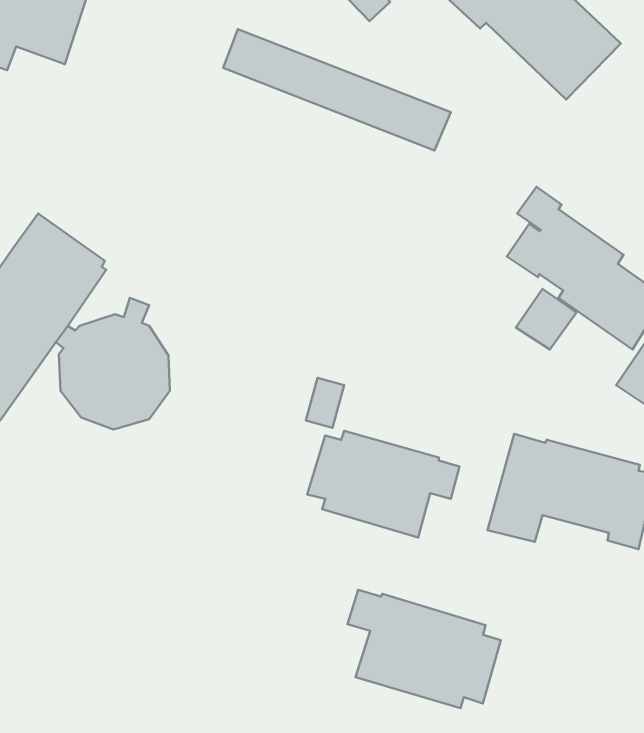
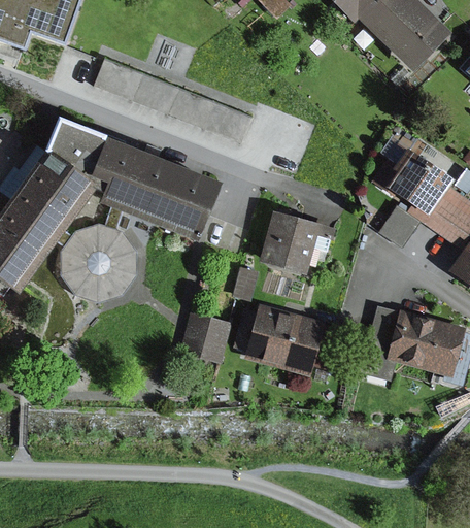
building: [223,29,451,150] -> [94,58,253,142]
building: none -> [43,118,220,243]
building: none -> [259,206,334,273]
building: none -> [180,310,232,362]
building: [348,590,501,708] -> none

